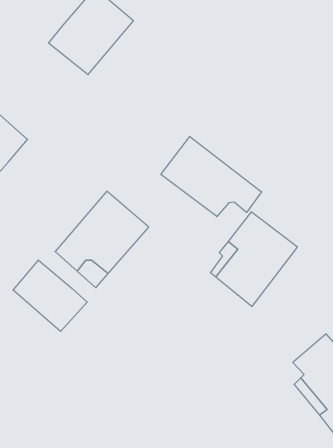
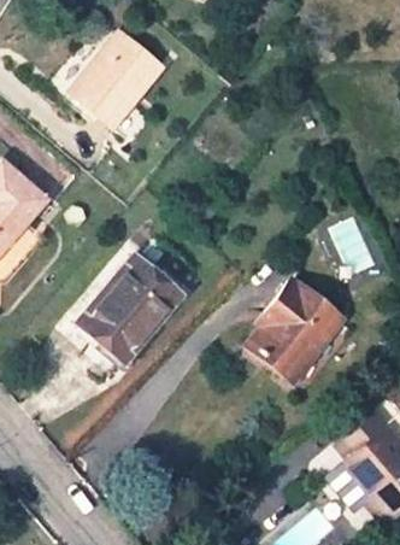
building: [161,136,262,217] -> none
building: [13,260,87,331] -> none

